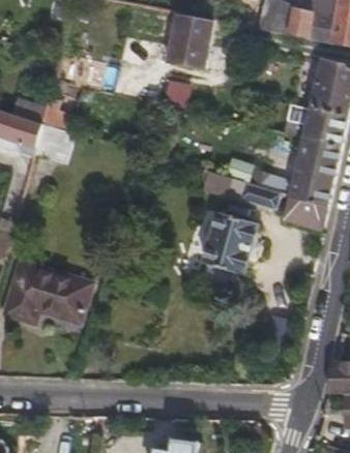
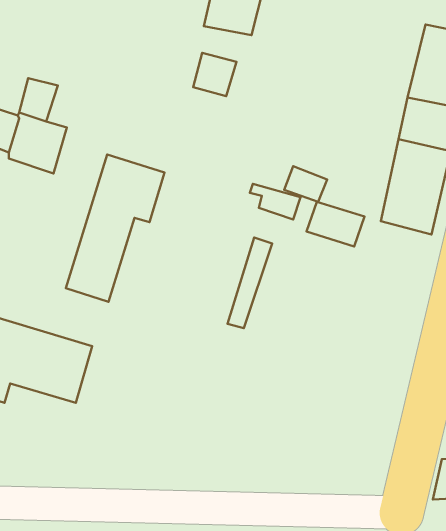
building: none -> [66,154,165,302]
building: [285,197,325,229] -> none
building: [201,216,258,279] -> none

